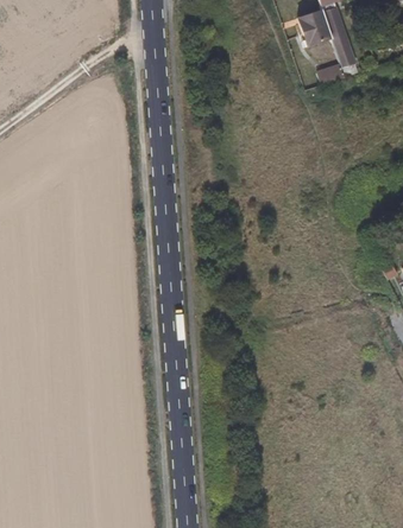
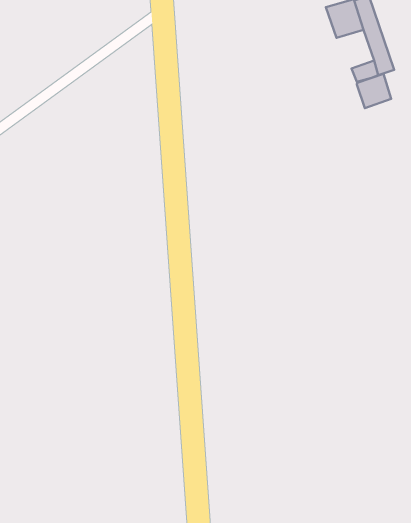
building: none -> [357,74,391,108]

